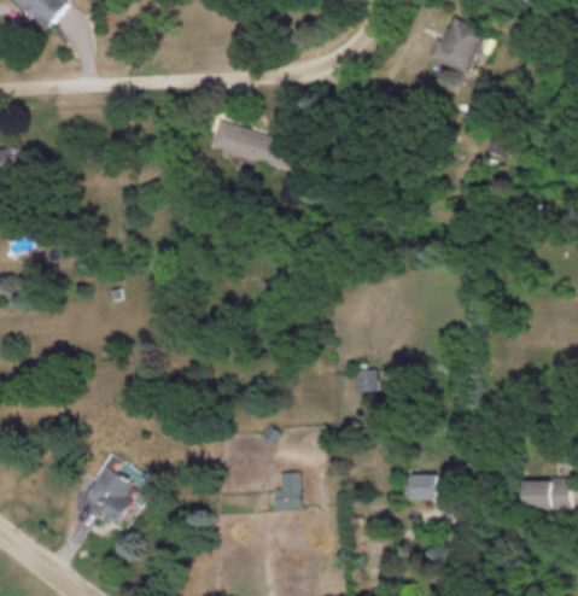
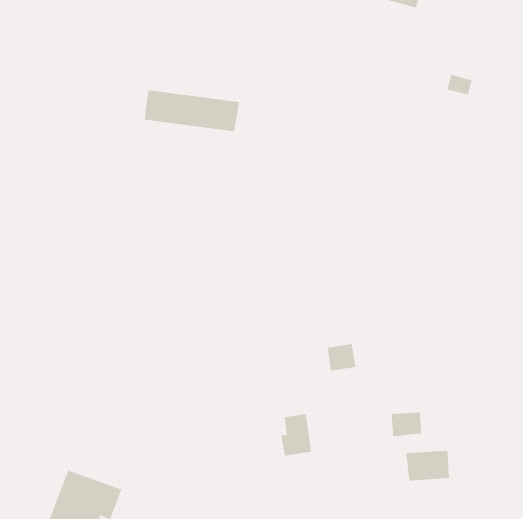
building: none -> [391,411,422,437]
building: [272,472,298,508] -> [280,414,312,456]

